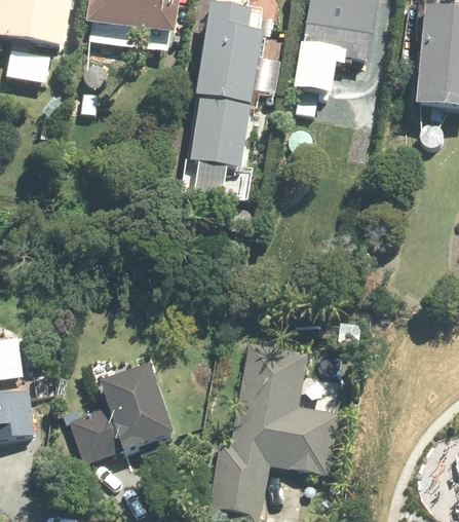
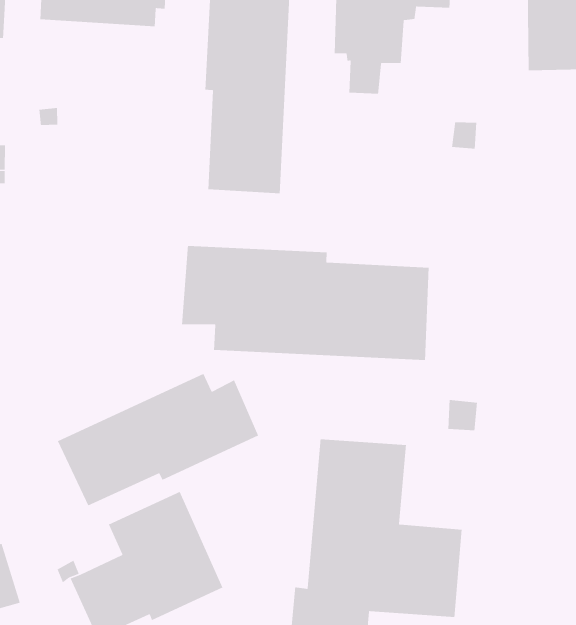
building: none -> [181,245,430,361]
building: none -> [57,373,259,507]

